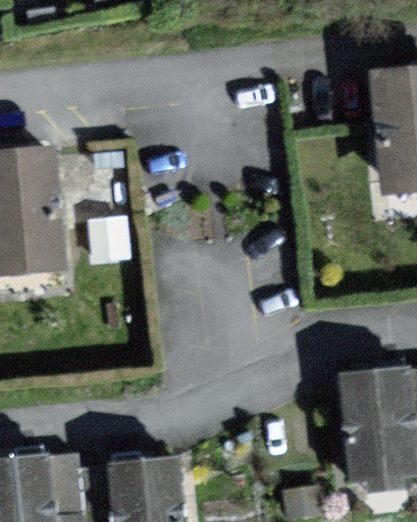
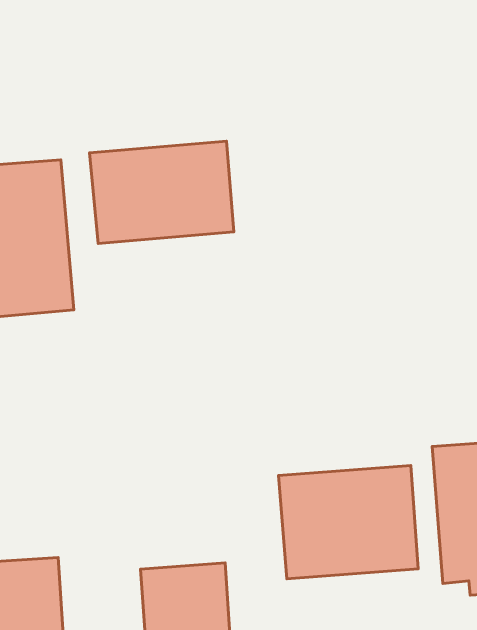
building: none -> [90,141,234,243]
building: none -> [278,466,418,579]

